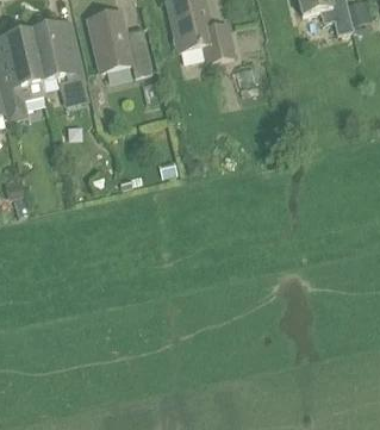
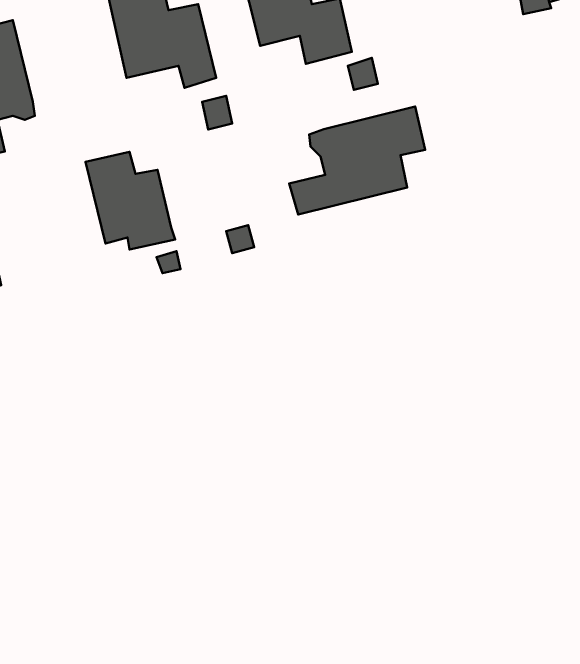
building: [31,29,85,87] -> [86,152,175,250]
building: none -> [289,106,425,215]

